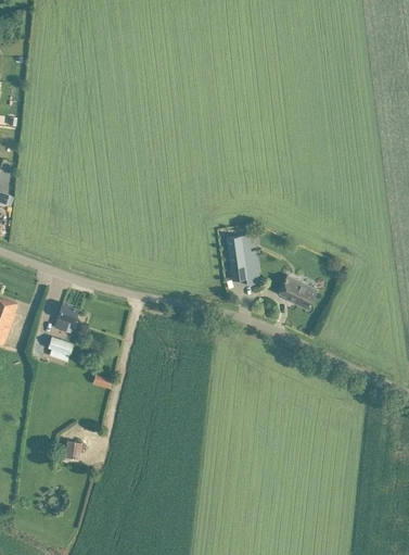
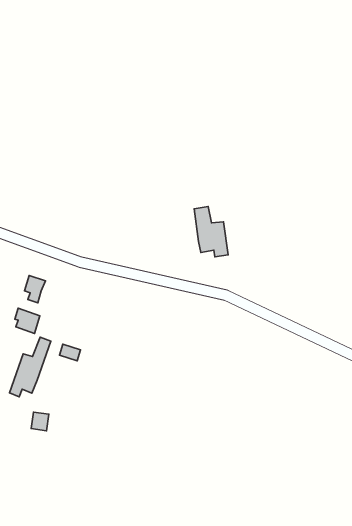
building: [281,275,320,310] -> none
building: none -> [10,337,51,397]

